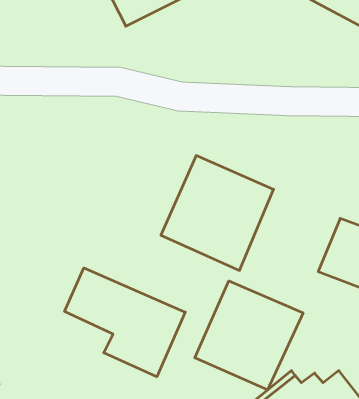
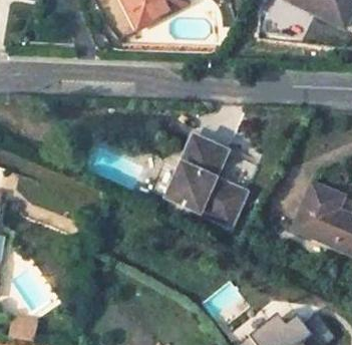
building: [65,268,185,377] -> none
building: [195,281,303,390] -> none

